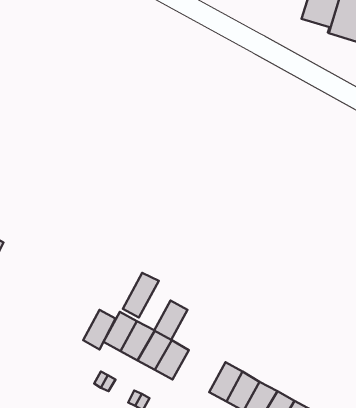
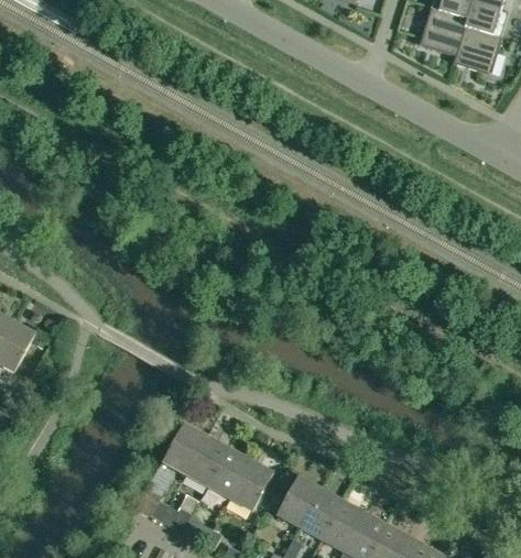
building: [123,273,159,317] -> none
building: [154,300,188,340] -> [278,475,321,526]
building: [83,310,115,350] -> none

